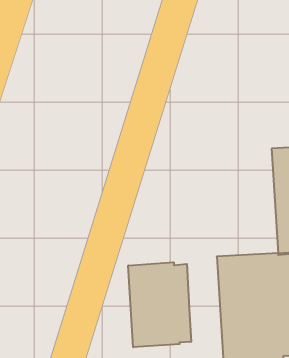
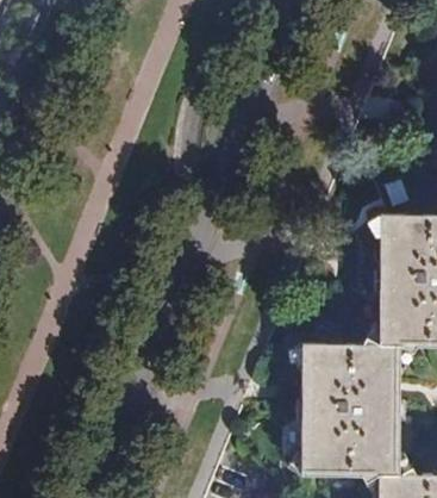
building: [128,262,191,347] -> none

